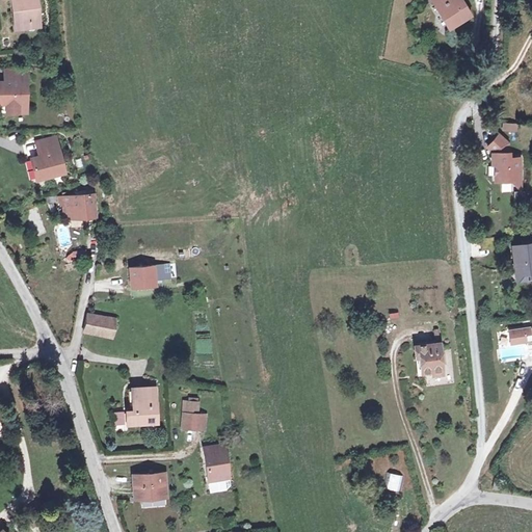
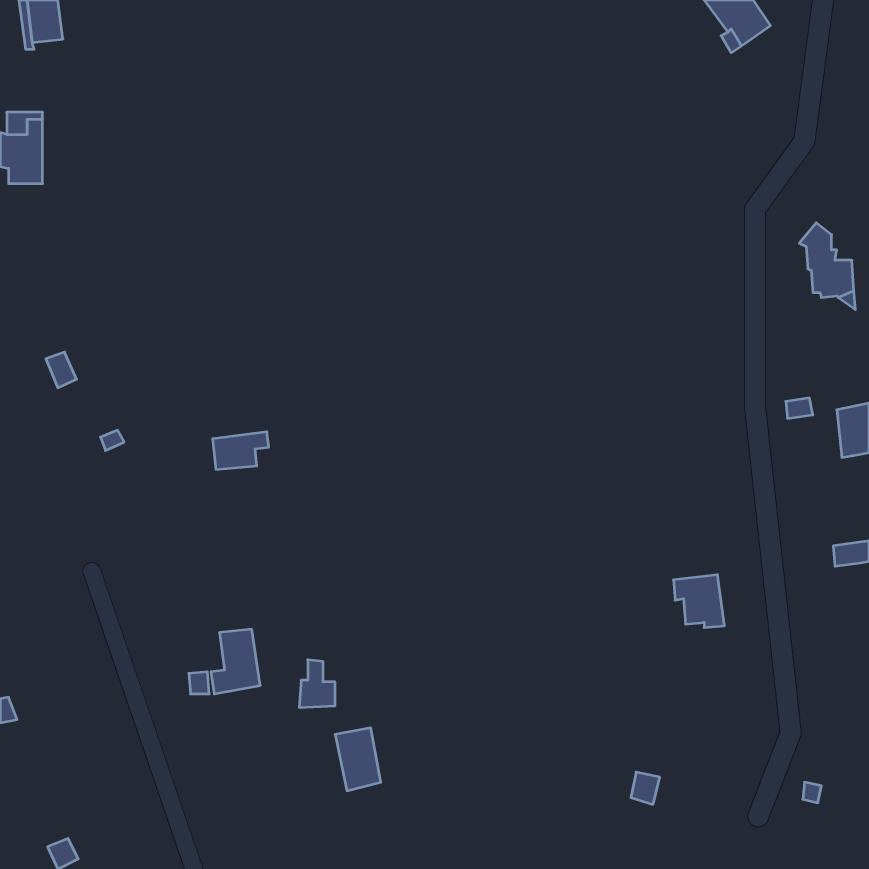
building: [33,137,68,180] -> none
building: [59,191,98,219] -> none
building: [90,315,119,337] -> none
building: [134,474,168,500] -> none

